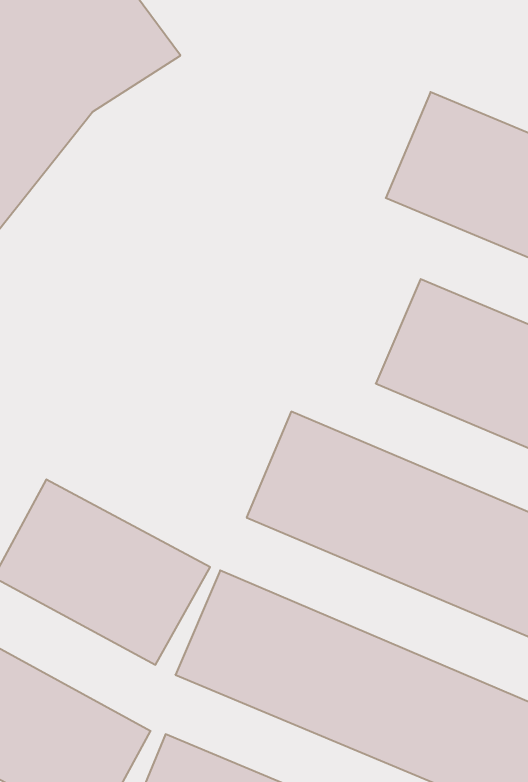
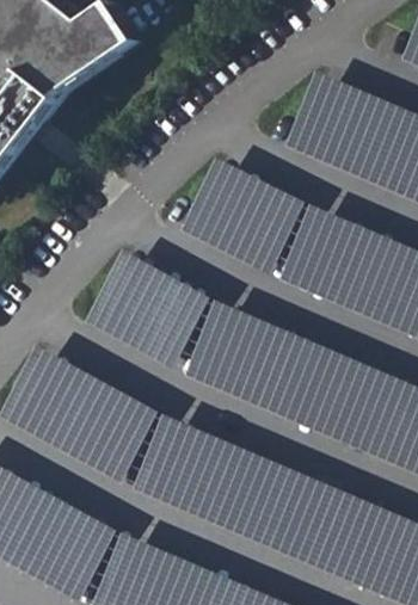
building: none -> [182,158,306,274]
building: none -> [88,252,211,369]

